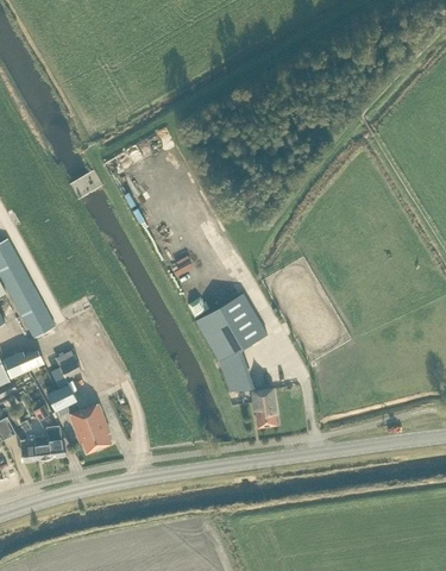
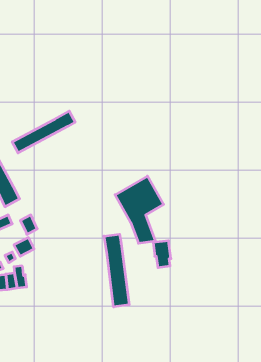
building: none -> [12,111,75,153]
building: none -> [104,234,129,307]
building: [69,403,112,452] -> none

